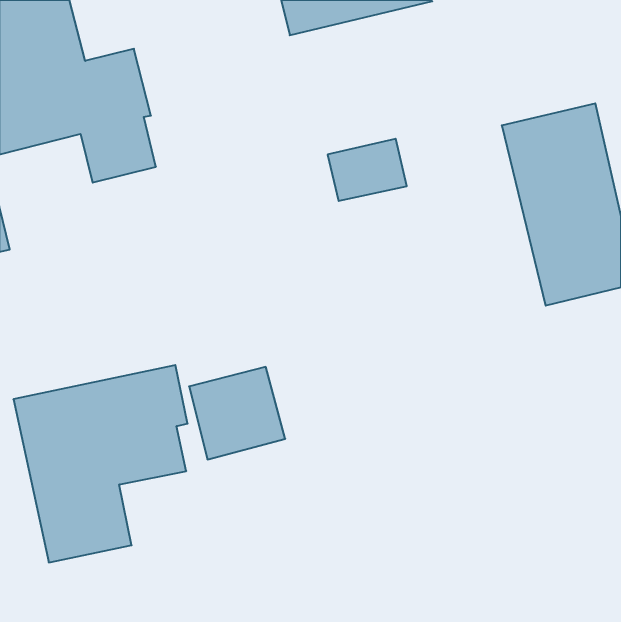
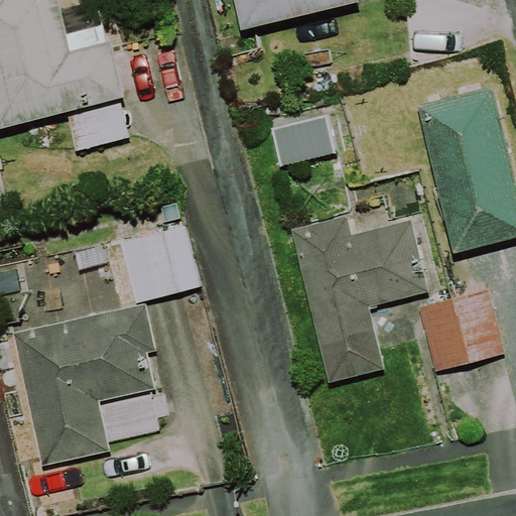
building: none -> [289,215,428,383]
building: none -> [419,290,504,372]
building: [189,367,285,459] -> [122,226,202,302]

